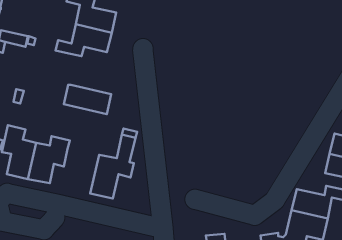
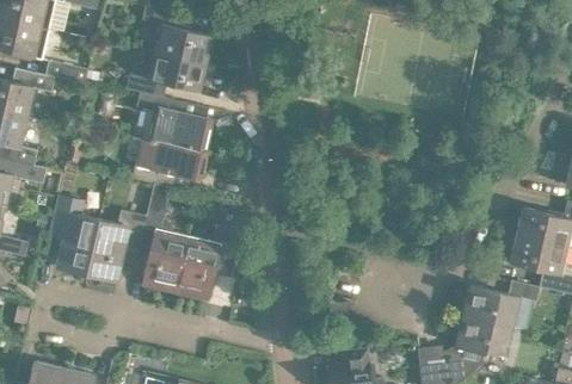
building: none -> [136,92,211,150]
building: none -> [142,192,187,291]

